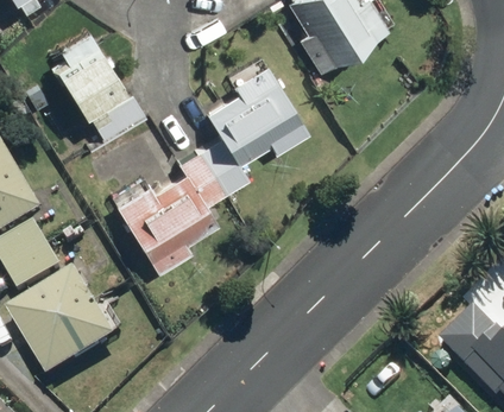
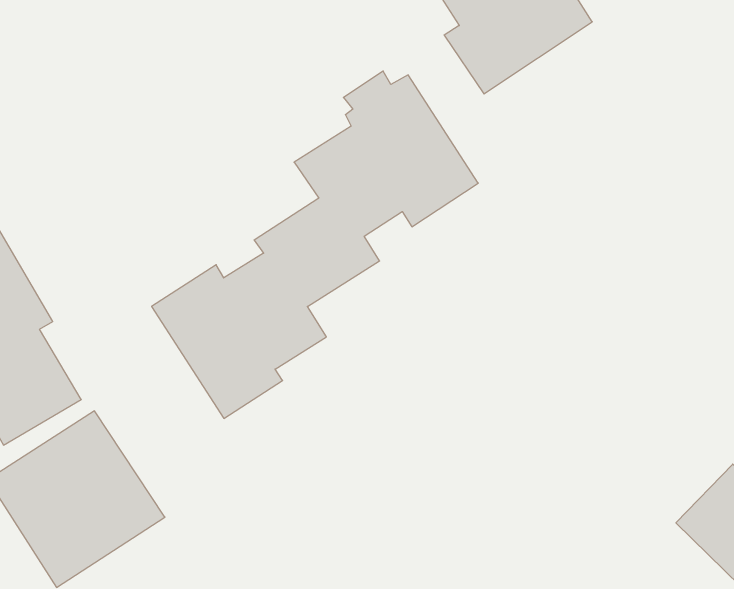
building: [40,26,144,148] -> none

